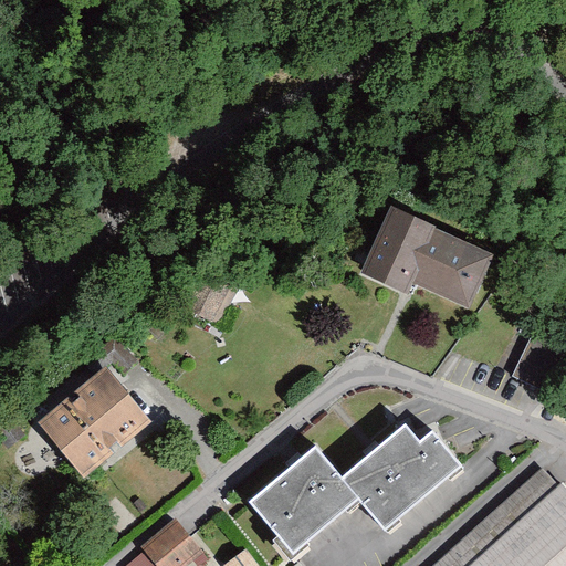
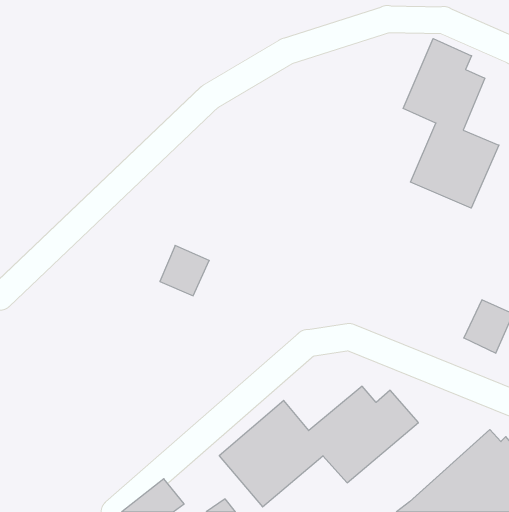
building: none -> [403,39,499,208]
building: [350,207,485,303] -> none
building: [35,365,149,478] -> none

